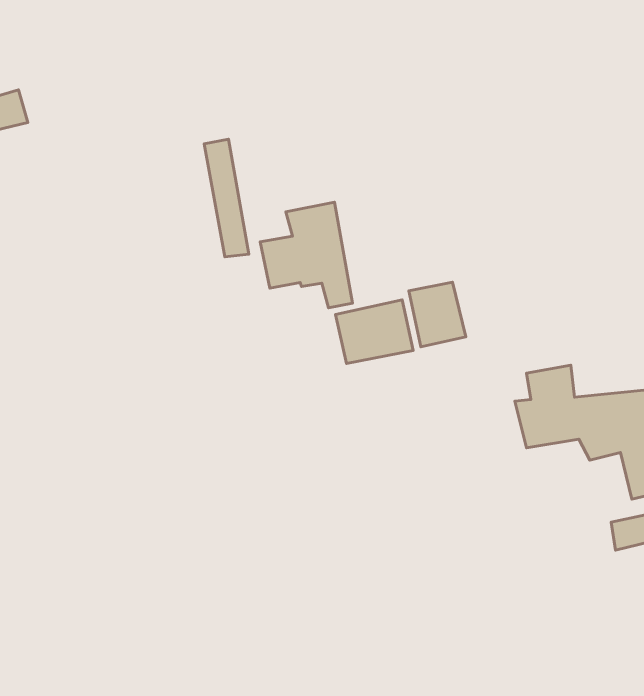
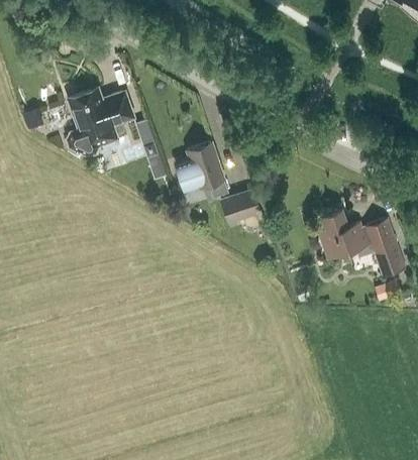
building: none -> [66,88,134,156]
building: [409,282,466,347] -> none

